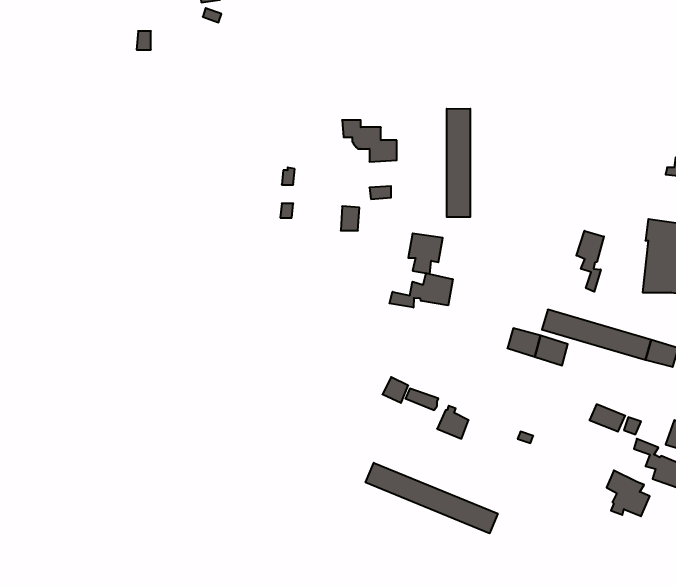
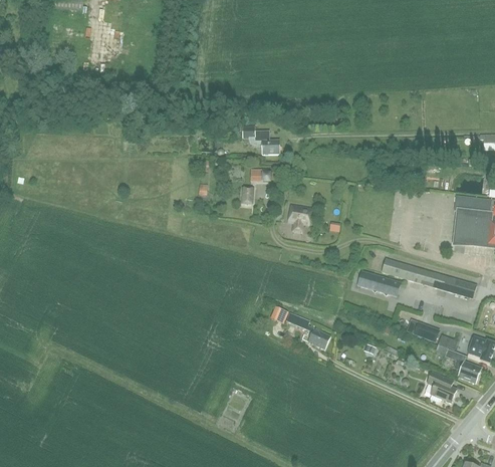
building: [447,109,470,217] -> none
building: [576,231,604,292] -> none
building: [389,273,453,308] -> none
building: [366,463,498,533] -> none

